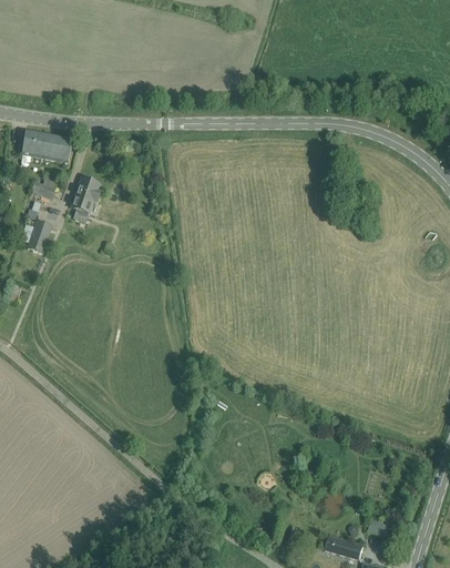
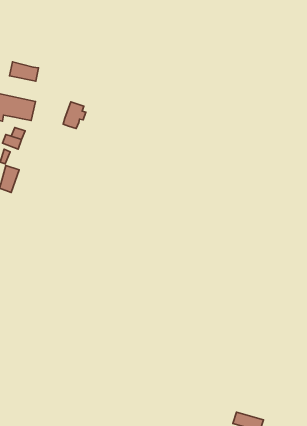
building: none -> [9,62,38,81]
building: [73,178,102,212] -> [63,102,86,129]

